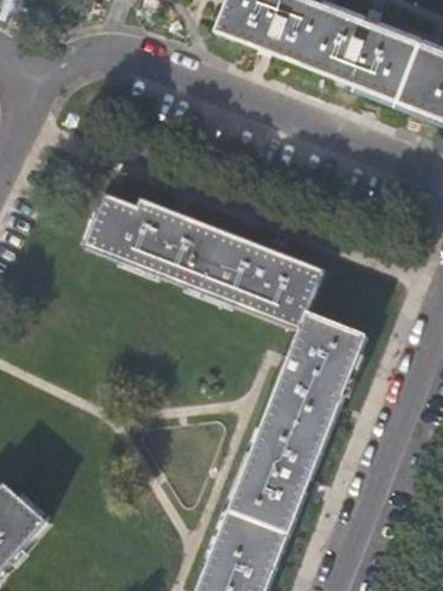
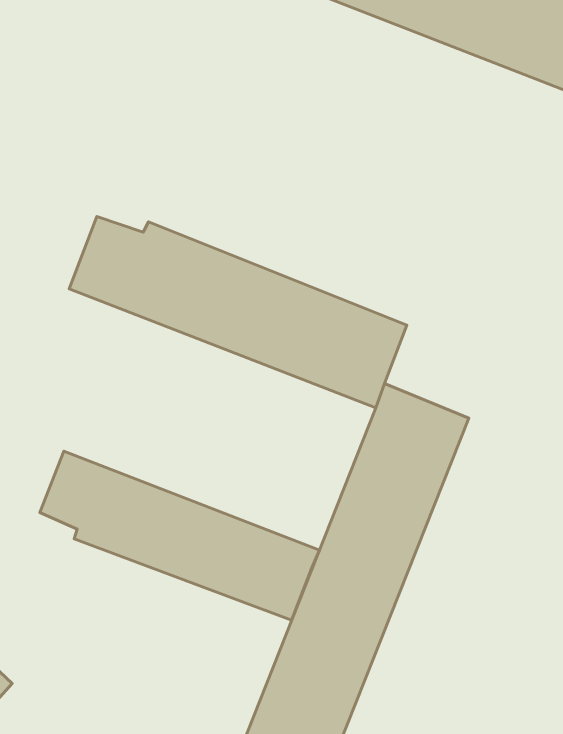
building: none -> [40,451,319,620]

